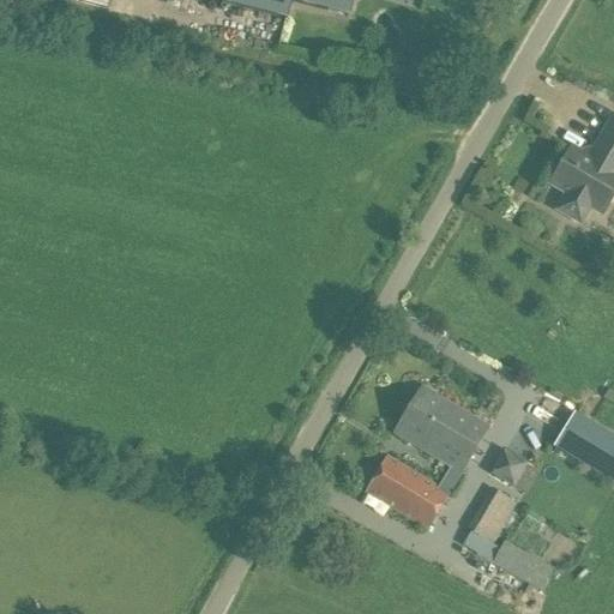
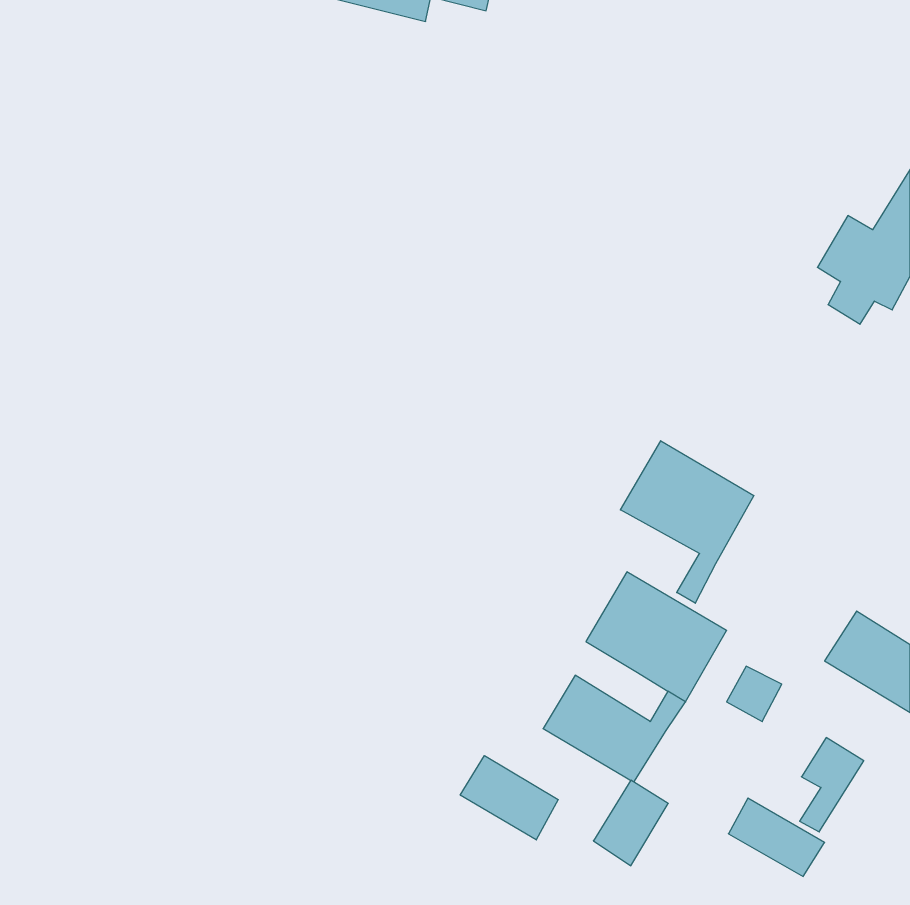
building: none -> [620,441,754,603]
building: [465,486,516,543] -> [593,780,668,866]
building: none -> [460,756,558,840]

